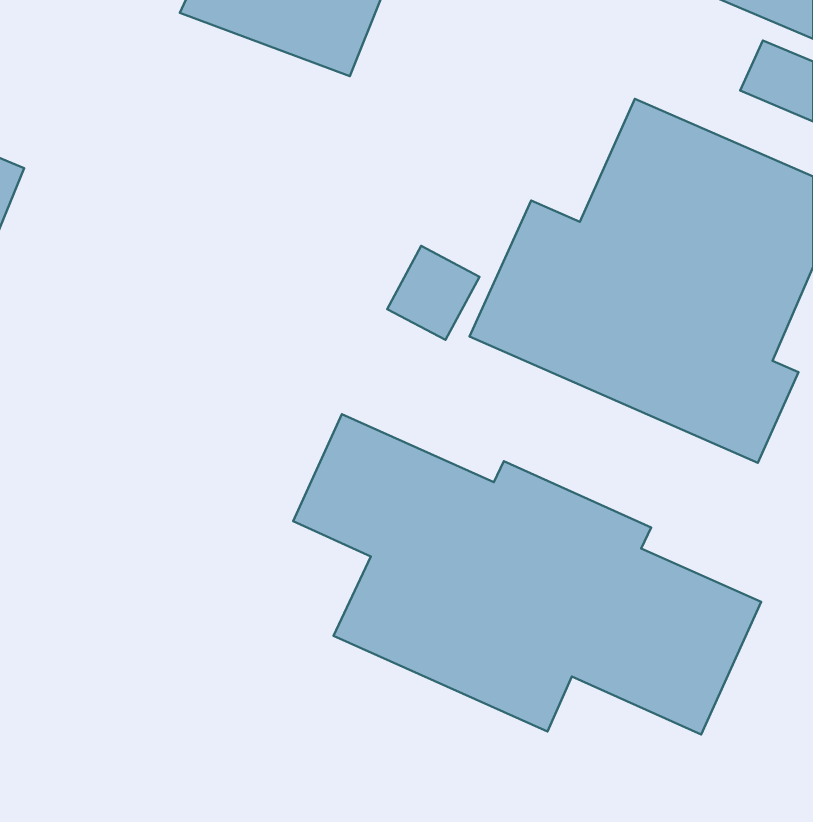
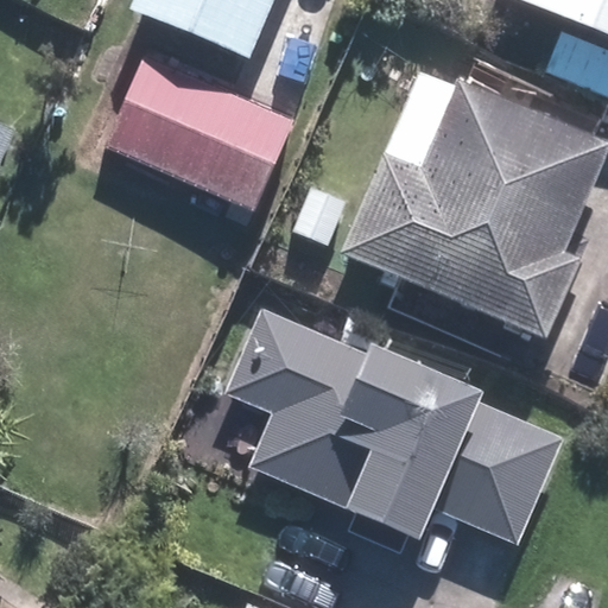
building: none -> [103,57,291,211]

